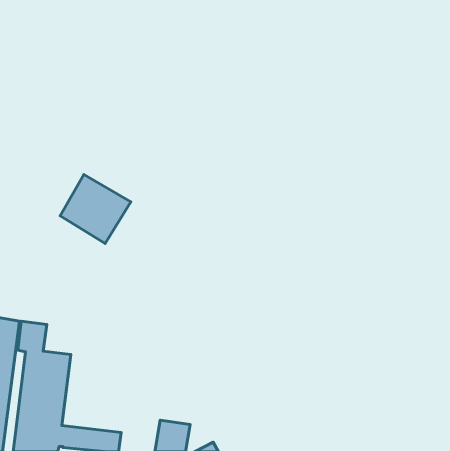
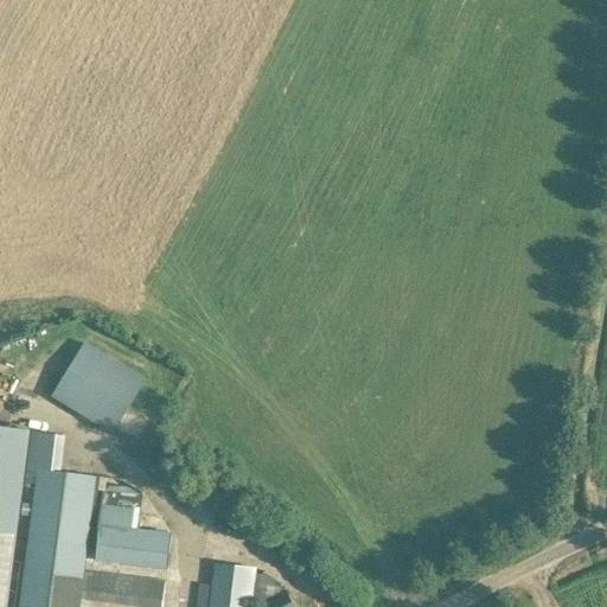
building: [60,174,131,243] -> [50,343,145,435]
building: none -> [95,491,170,569]

